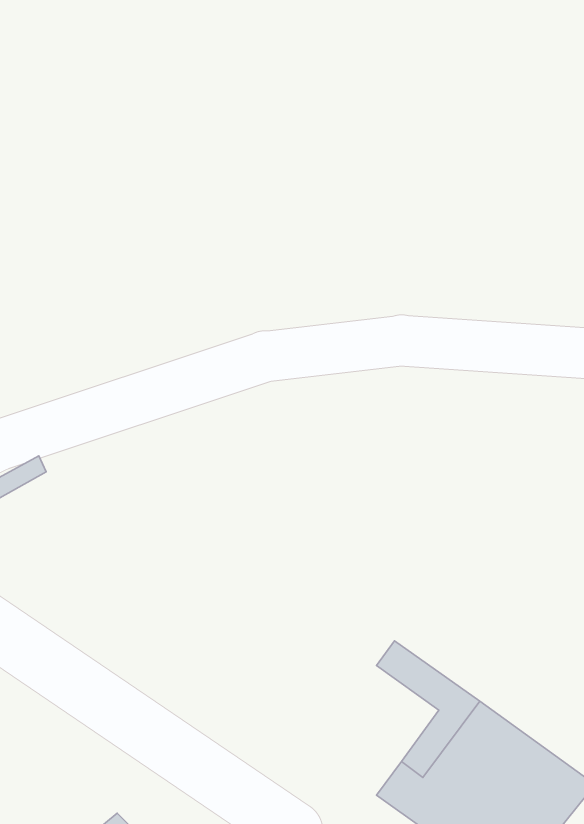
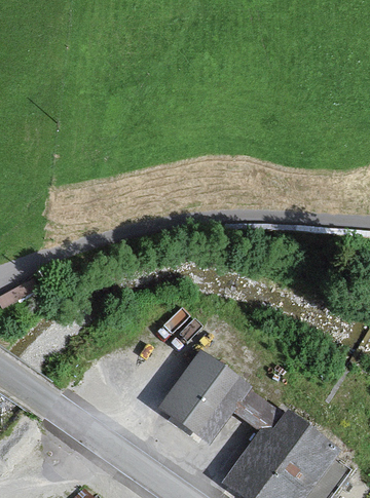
building: none -> [171,366,235,435]

